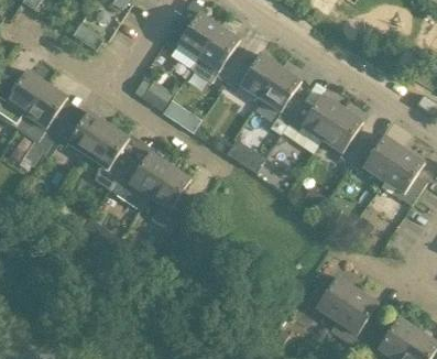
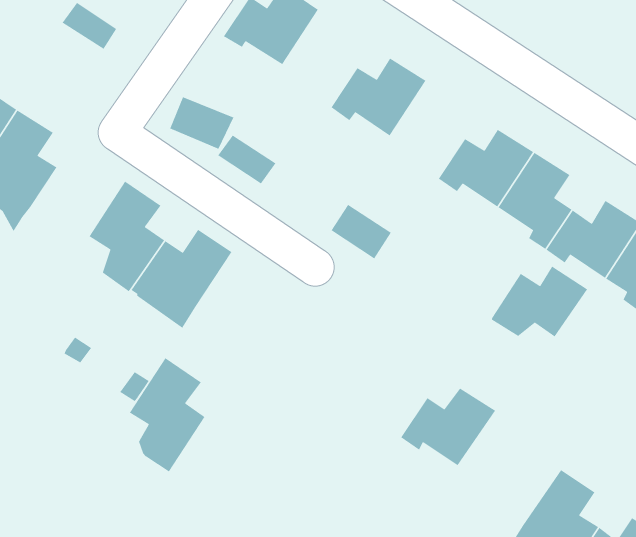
building: [190,25,241,81] -> none
building: [260,66,303,122] -> none
building: [54,110,108,155] -> none
building: [149,164,193,230] -> [129,357,206,473]
building: none -> [491,266,588,337]
building: [303,275,358,320] -> [400,387,496,466]

